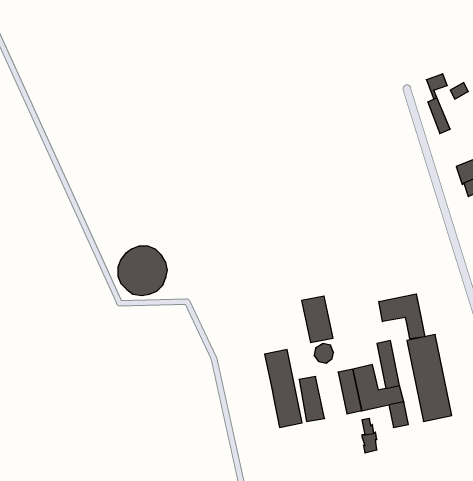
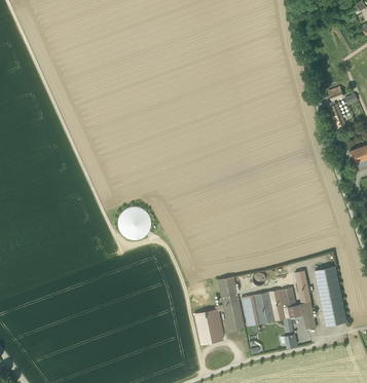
building: [379,294,425,339] -> none
building: [302,296,333,343] -> [253,292,274,323]
building: none -> [194,309,222,344]

